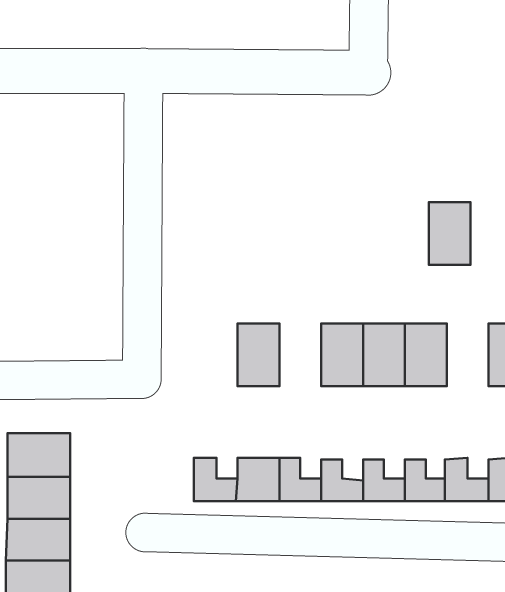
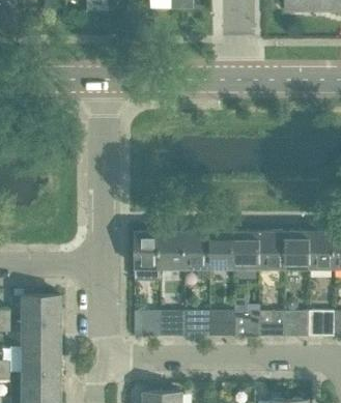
building: [429,202,471,265] -> [284,231,309,268]
building: none -> [134,231,160,268]
building: none -> [184,231,209,280]

